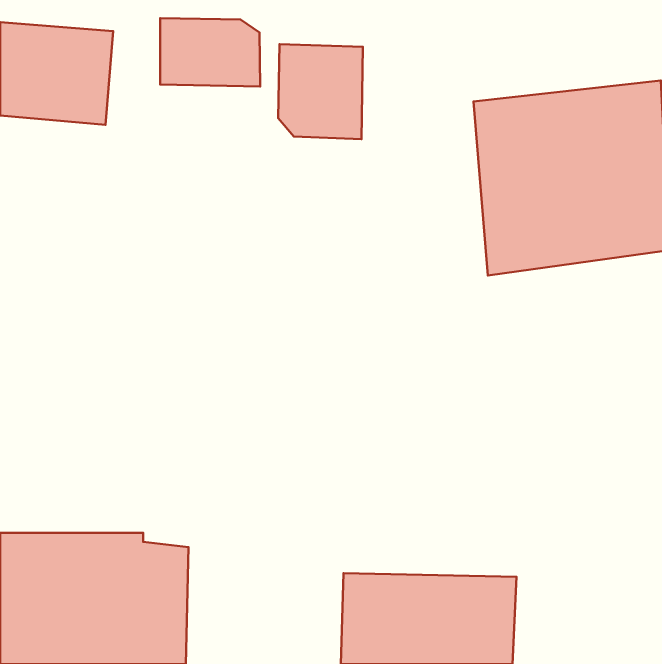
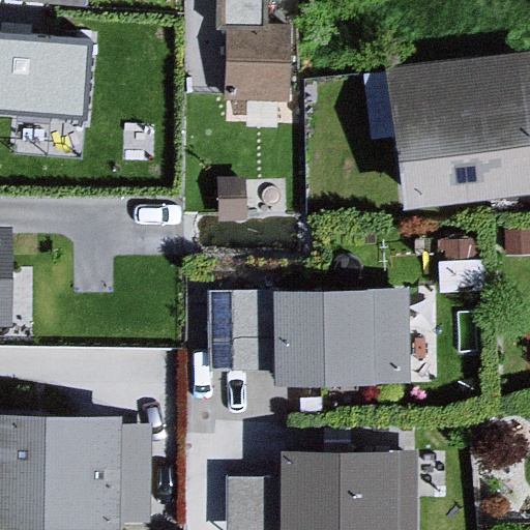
building: [160,18,260,86] -> none
building: none -> [208,284,408,377]

